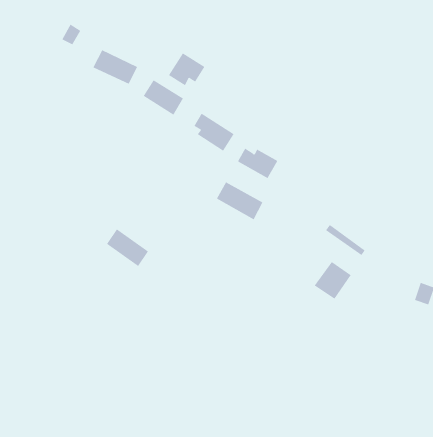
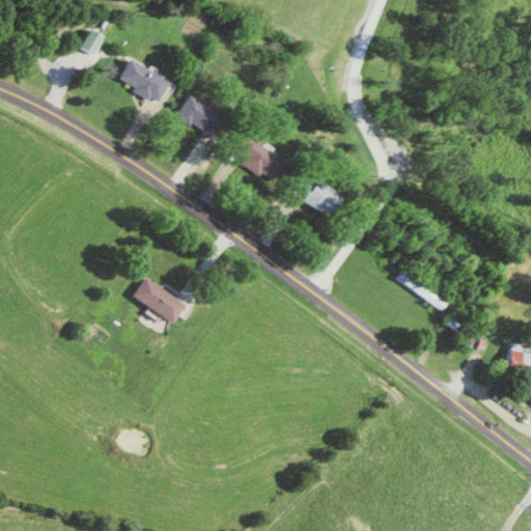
building: [168,53,205,86] -> none
building: [216,181,263,220] -> none
building: [314,261,352,300] -> none

